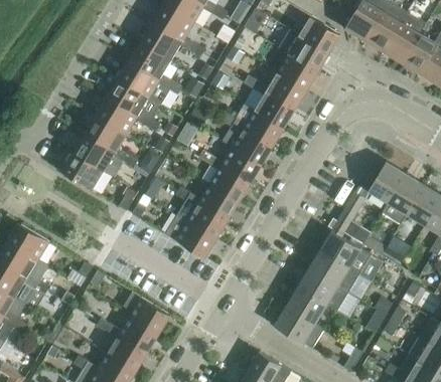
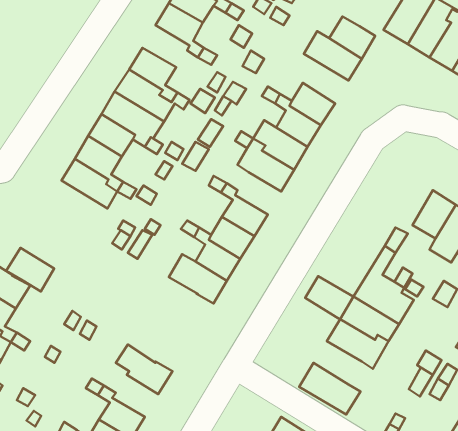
building: [143,24,182,59] -> none
building: [277,54,315,89] -> none
building: [220,147,259,182] -> none
building: [63,154,104,190] -> [6,248,54,291]
building: [286,288,326,324] -> [305,276,353,320]
building: [118,316,156,351] -> none

